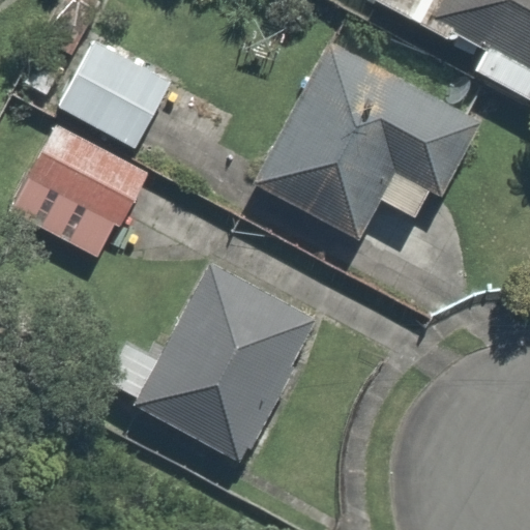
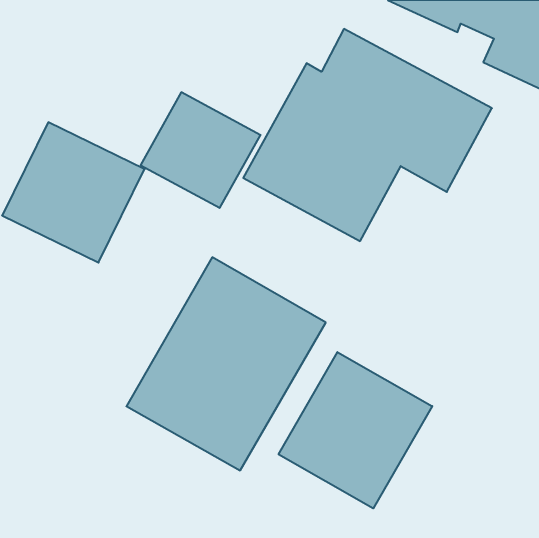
building: [57,37,173,149] -> [141,92,261,208]
building: none -> [279,352,432,508]

